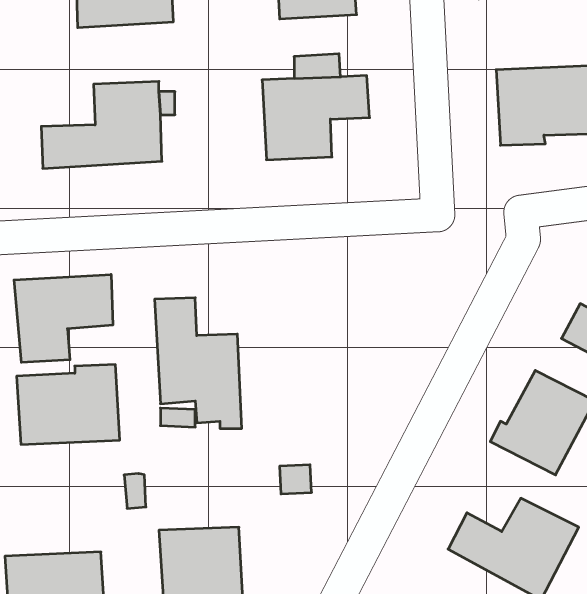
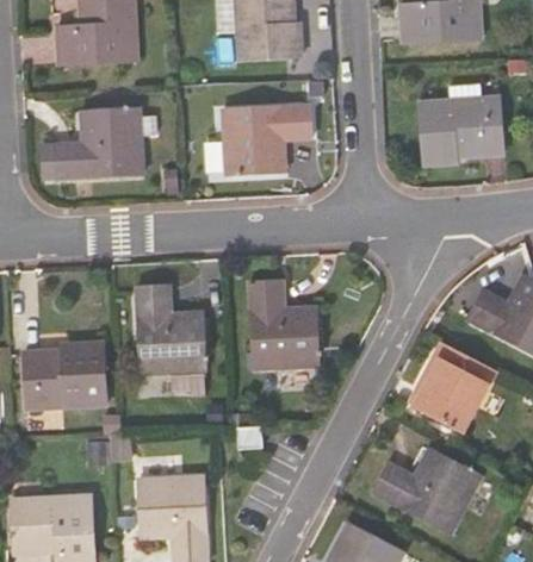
building: [14,274,113,362] -> none
building: none -> [247,281,317,369]

